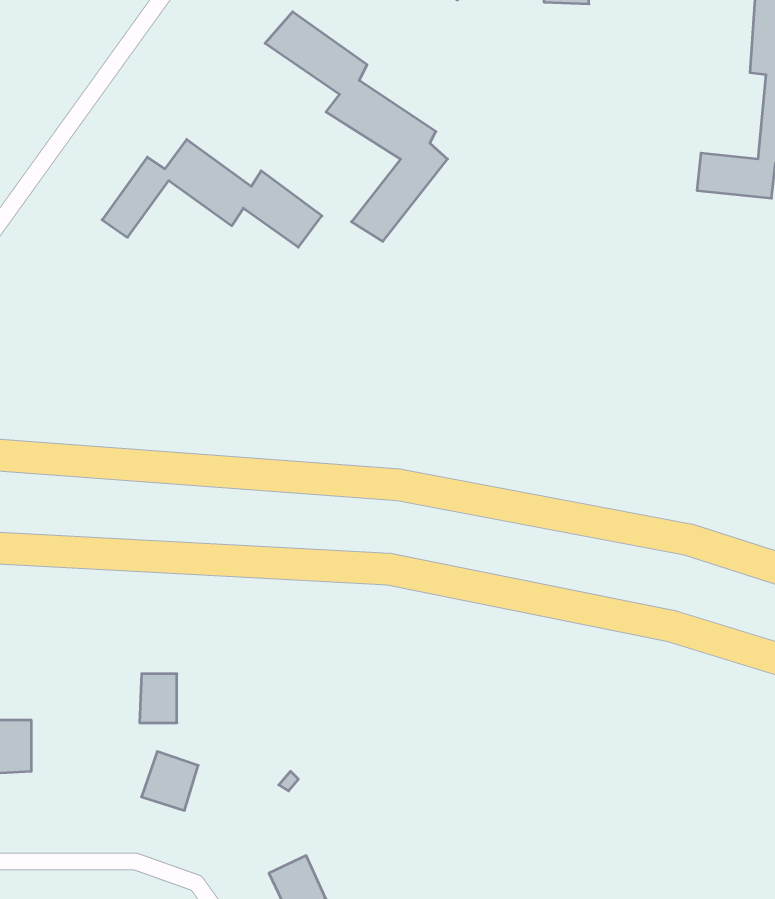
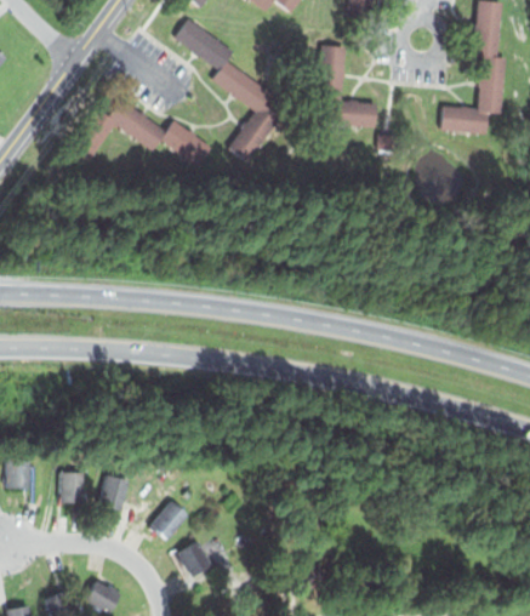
building: none -> [320,47,377,129]
building: [140,674,177,723] -> [59,473,82,503]
building: none -> [148,500,188,542]

